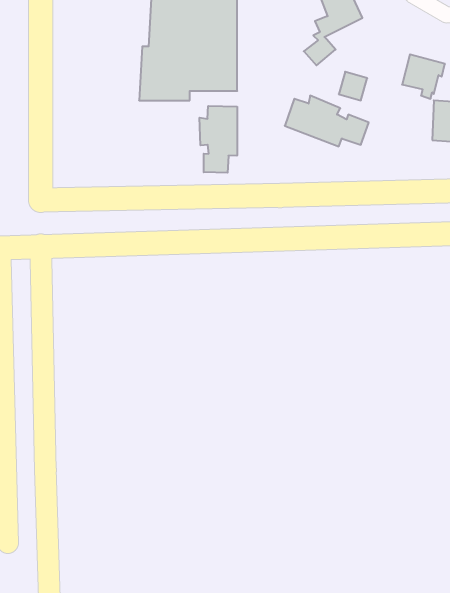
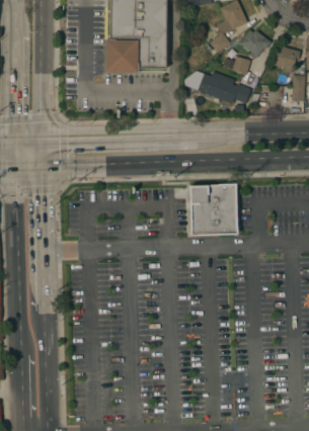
building: none -> [239,30,272,57]
building: [200,106,237,173] -> none
building: none -> [189,184,238,237]

